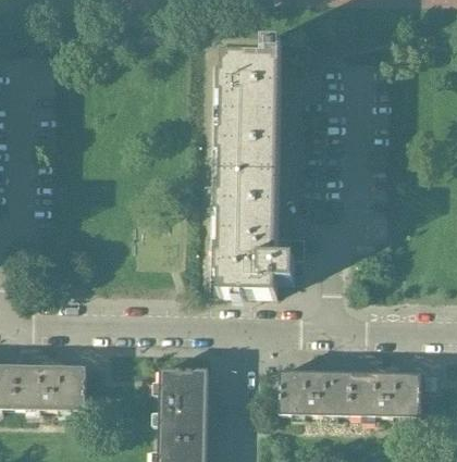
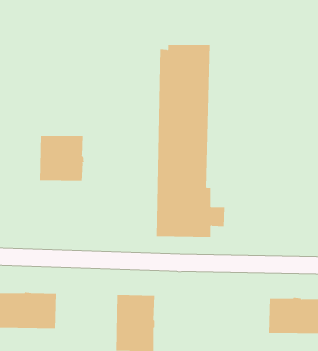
building: none -> [40,135,84,182]
building: [280,370,350,415] -> none

